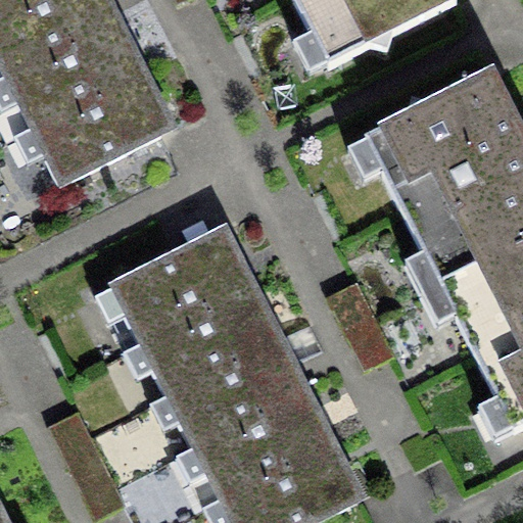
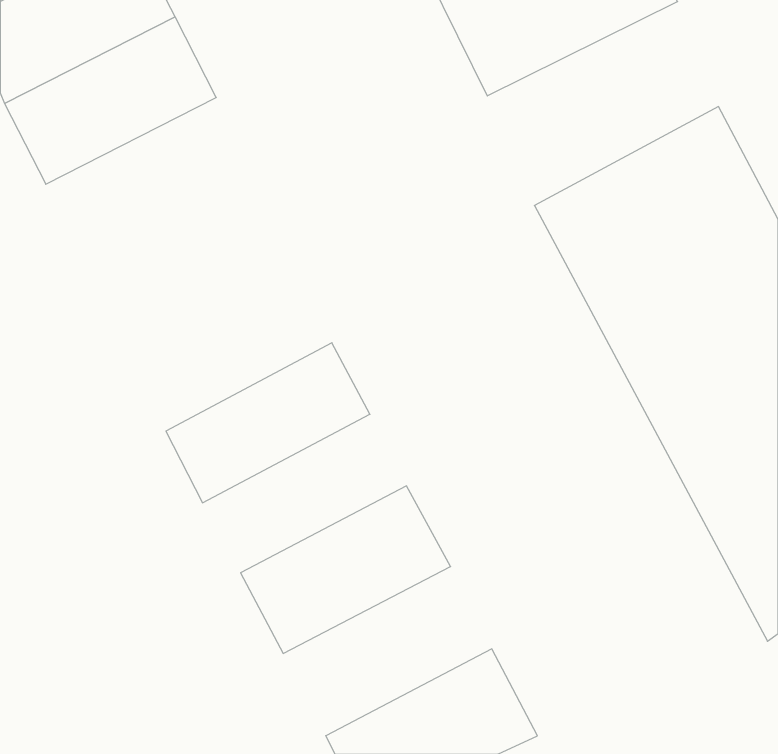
building: [31,65,176,183] -> none
building: [136,278,273,384] -> none
building: [190,380,330,493] -> none

